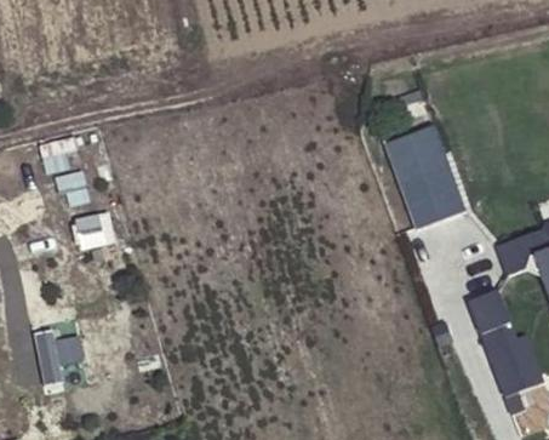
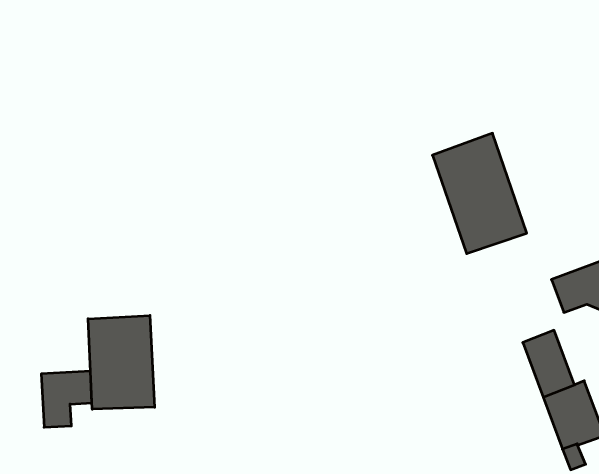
building: none -> [88,315,155,409]

